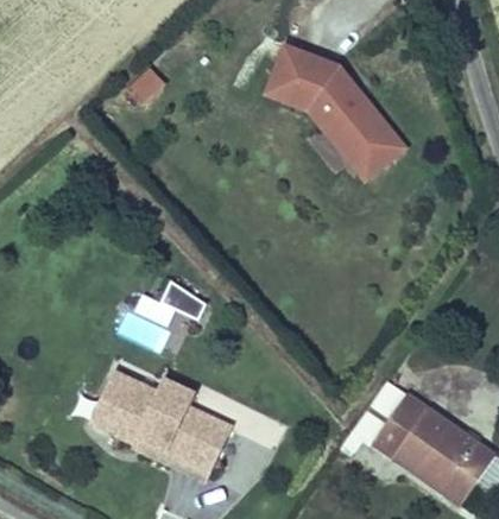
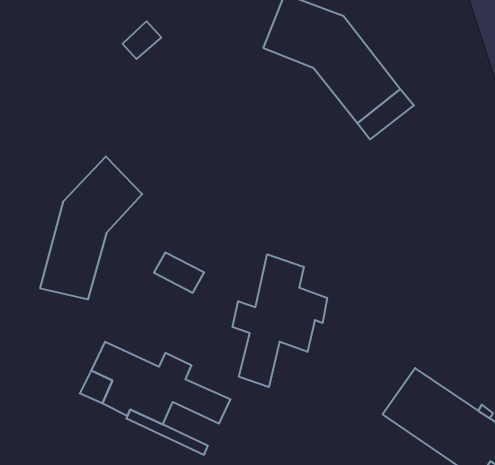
building: none -> [40,156,142,300]
building: none -> [233,254,327,387]
building: [168,428,221,469] -> none

